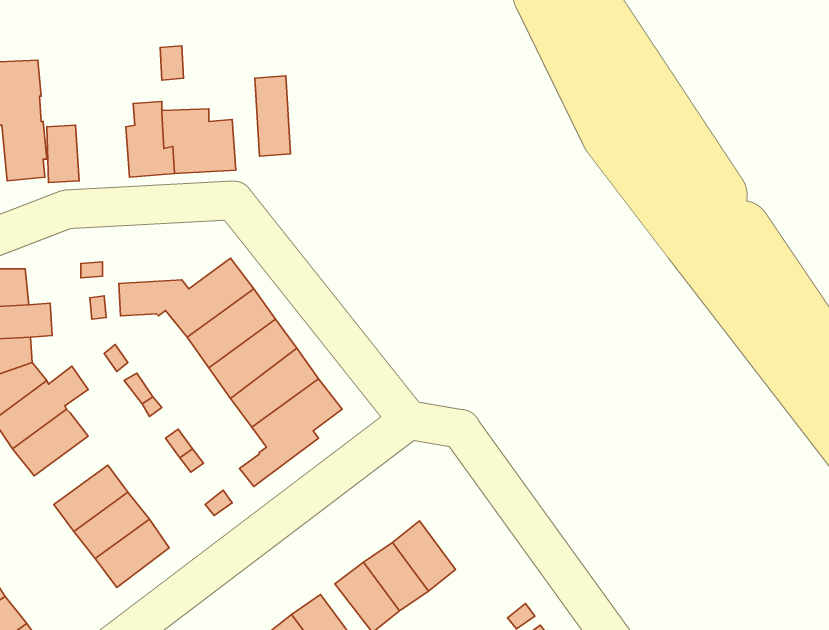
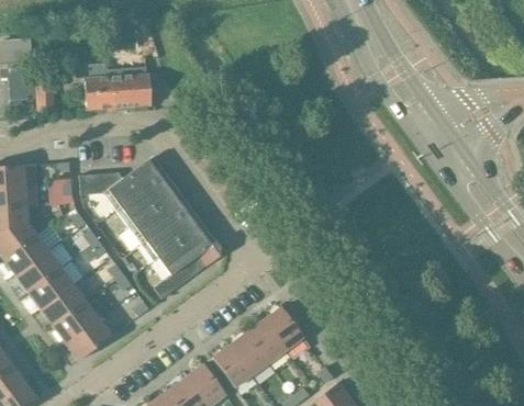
building: [255,76,290,156] -> none
building: none -> [29,260,85,309]
building: none -> [264,306,303,349]

